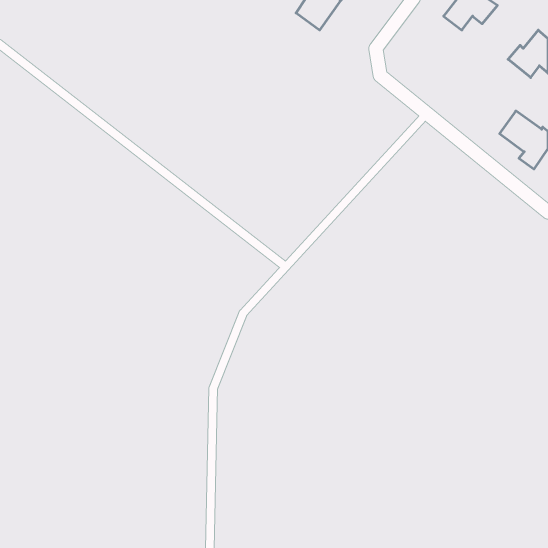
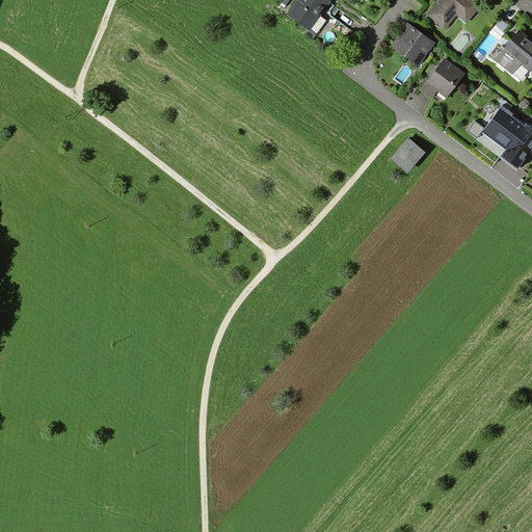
building: none -> [391,23,435,65]
building: none -> [420,59,463,99]
building: none -> [391,136,427,172]

